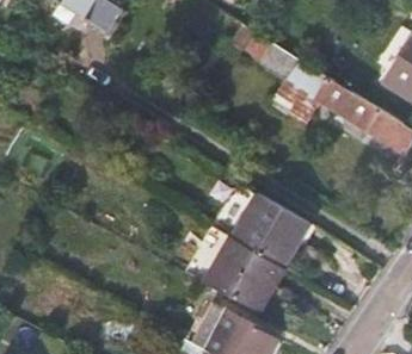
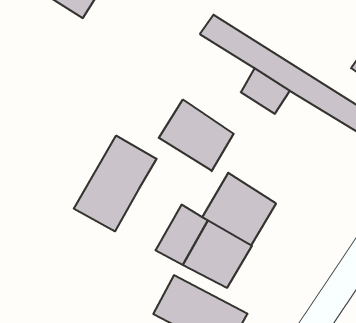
building: none -> [159,100,234,171]
building: none -> [74,136,157,231]

